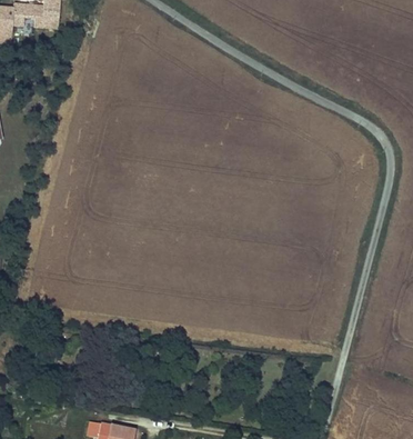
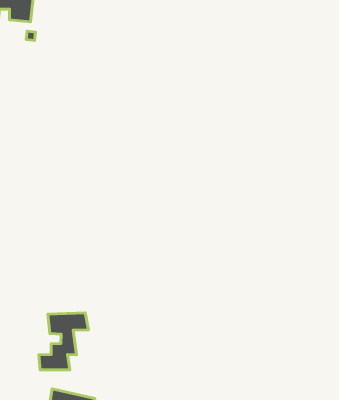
building: none -> [39,313,89,370]

